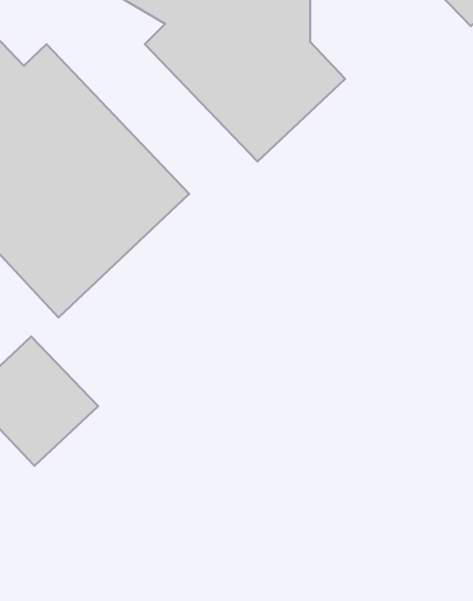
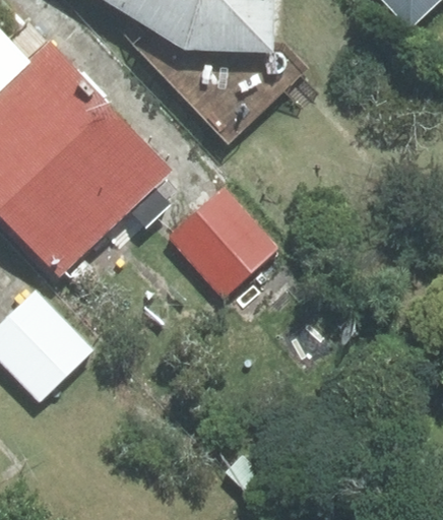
building: none -> [170,189,277,296]

